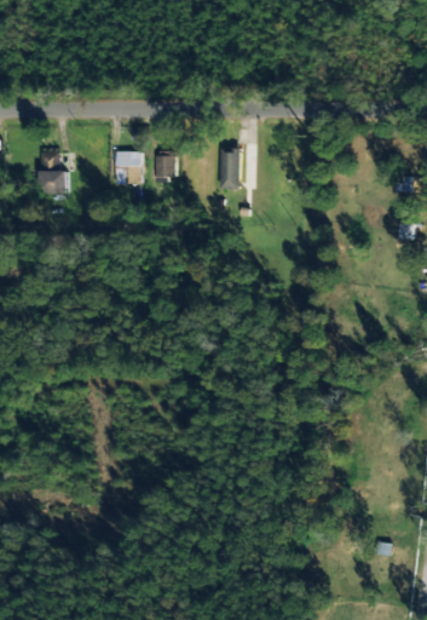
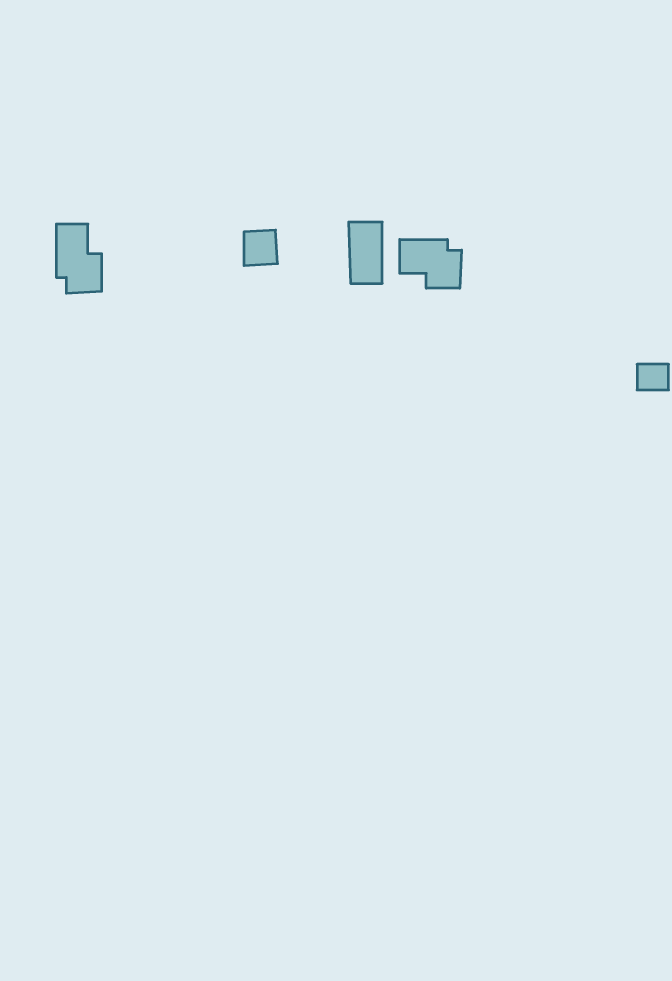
building: [116,150,142,183] -> none
building: none -> [400,239,462,288]

